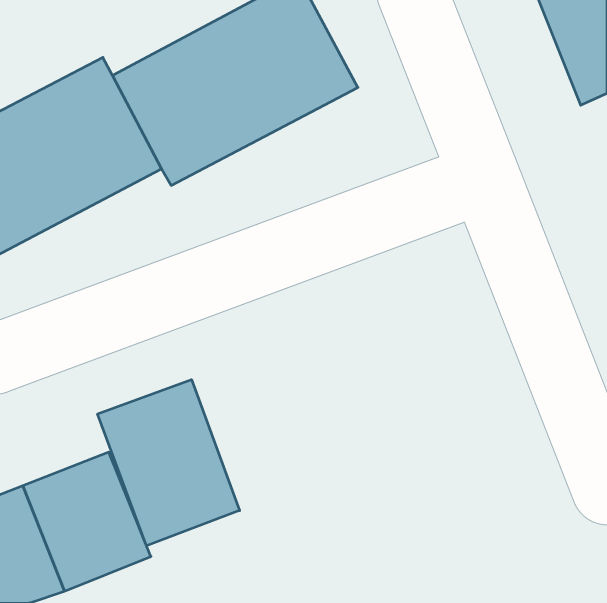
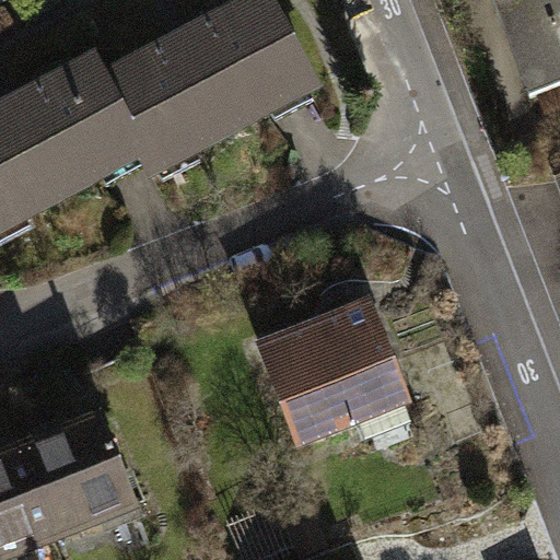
building: none -> [261,316,404,440]
building: [98,380,240,546] -> none

